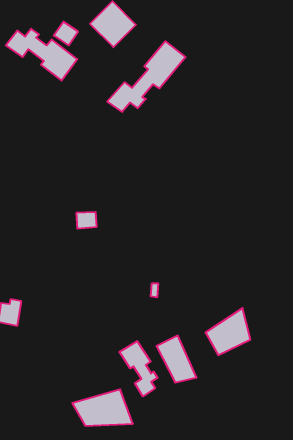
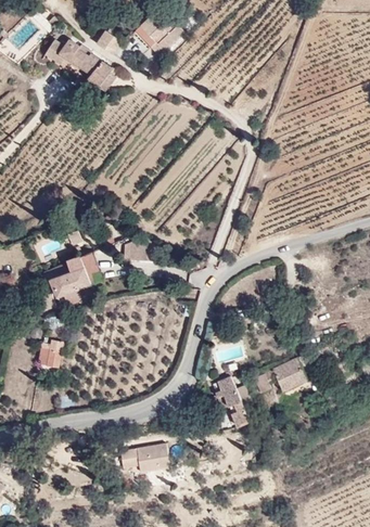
building: [107,41,186,112] -> none
building: none -> [49,249,97,301]
building: [119,341,158,396] -> none

